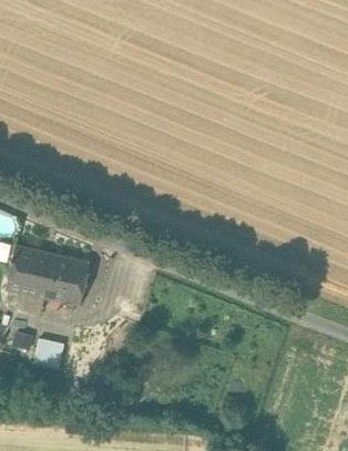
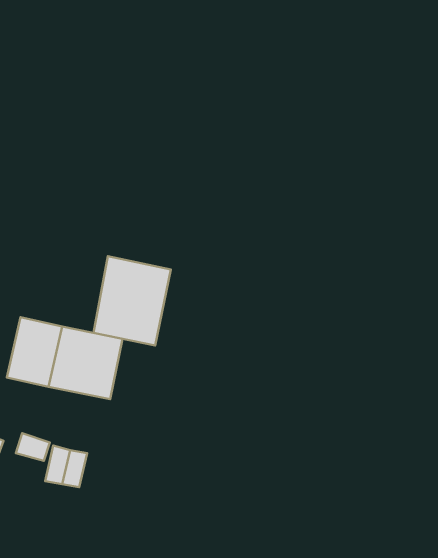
building: none -> [94,256,171,346]

